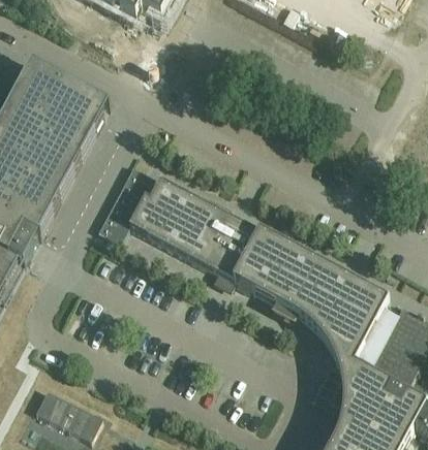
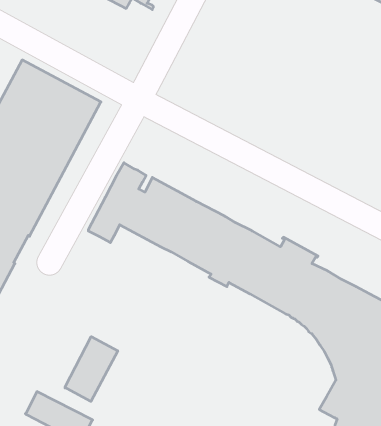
building: none -> [65,337,118,401]

